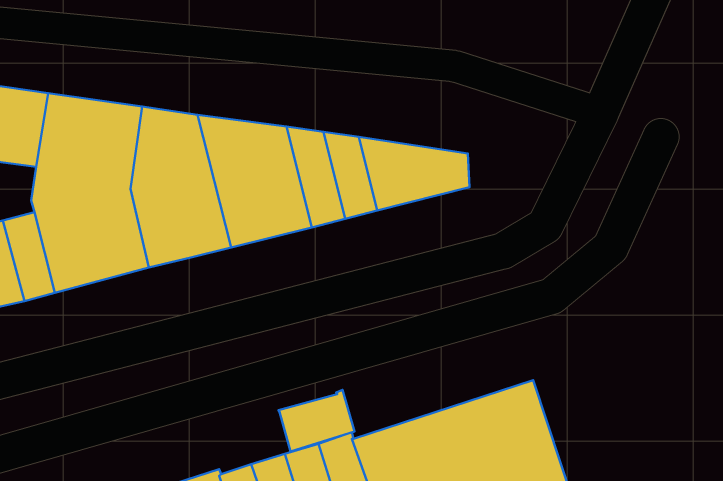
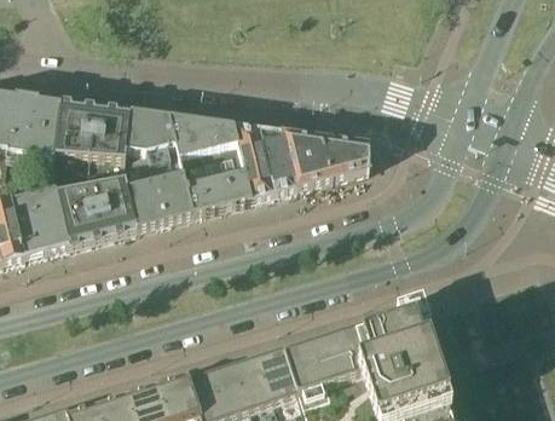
building: [279,390,355,452] -> none

